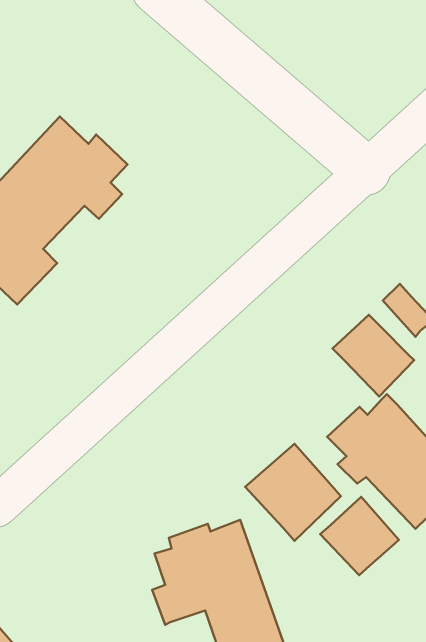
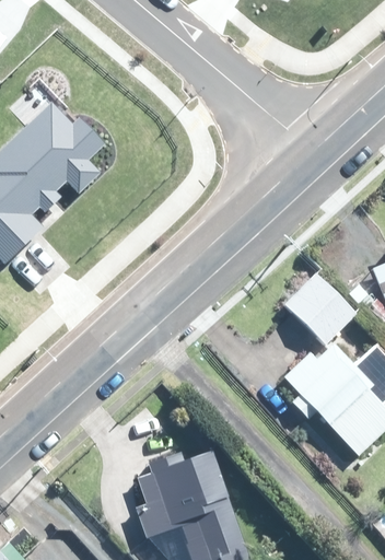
building: [245,444,341,541] -> none
building: [320,497,399,575] -> none

